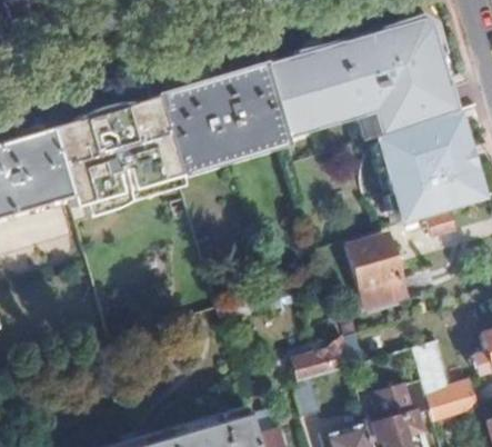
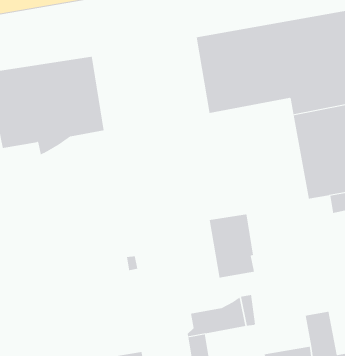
building: [155,63,287,177] -> none
building: [348,234,403,306] -> [209,214,255,278]

